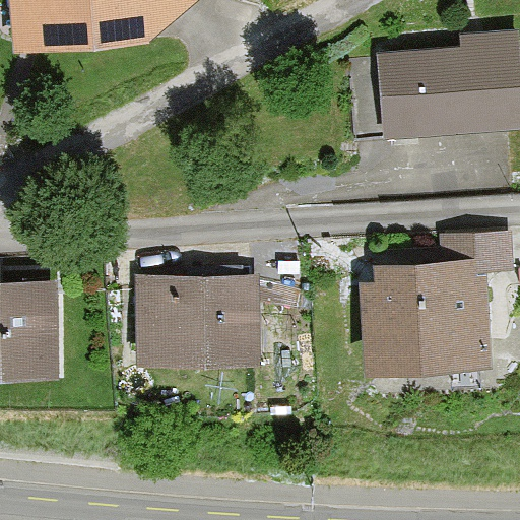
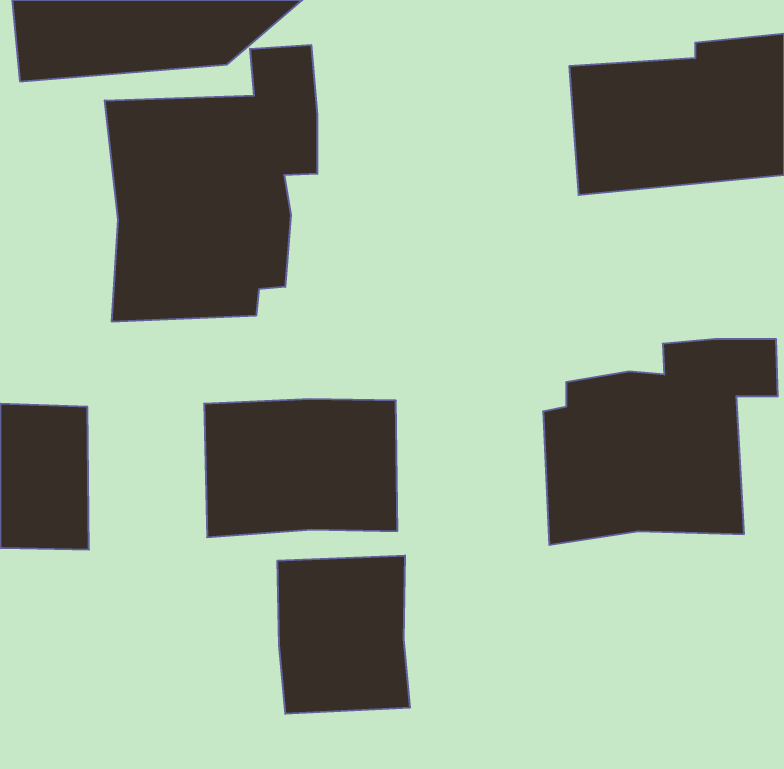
building: none -> [105,45,317,322]
building: none -> [278,555,410,714]

